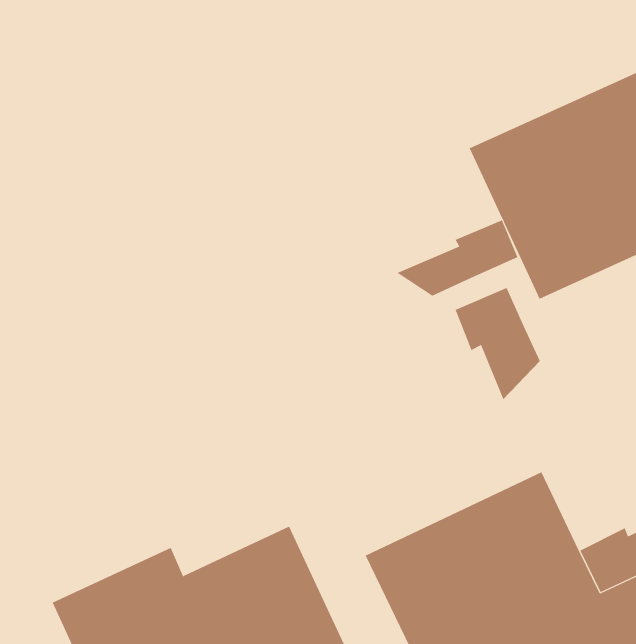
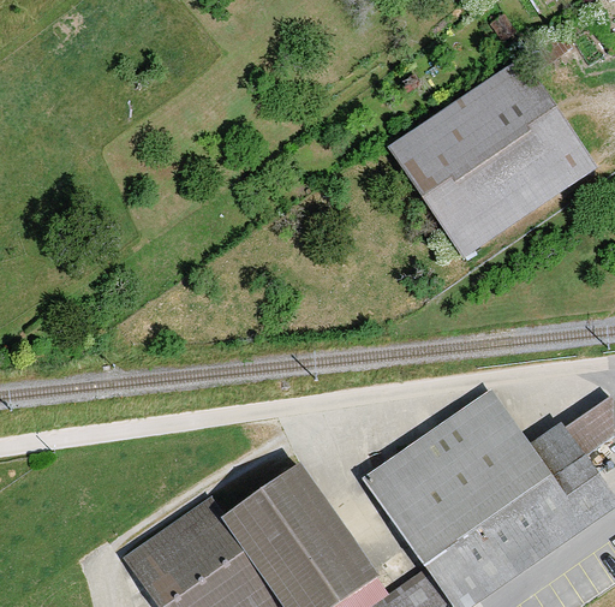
building: [396,220,518,296] -> none
building: [455,287,541,400] -> none

